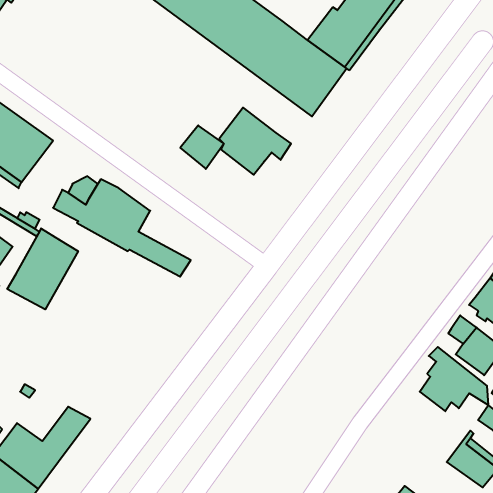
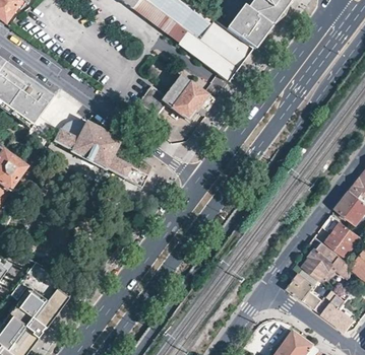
building: [7,228,78,309] -> none
building: none -> [288,272,338,313]

